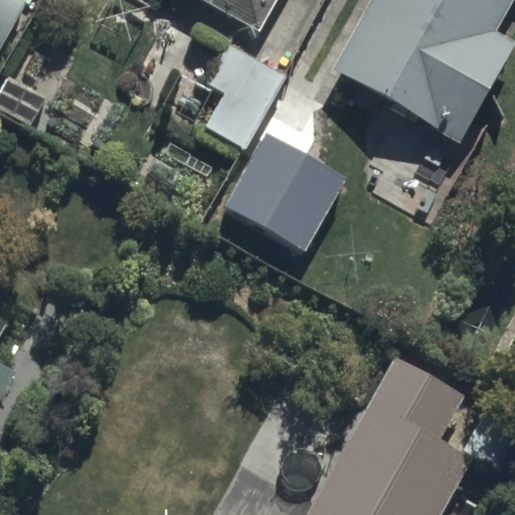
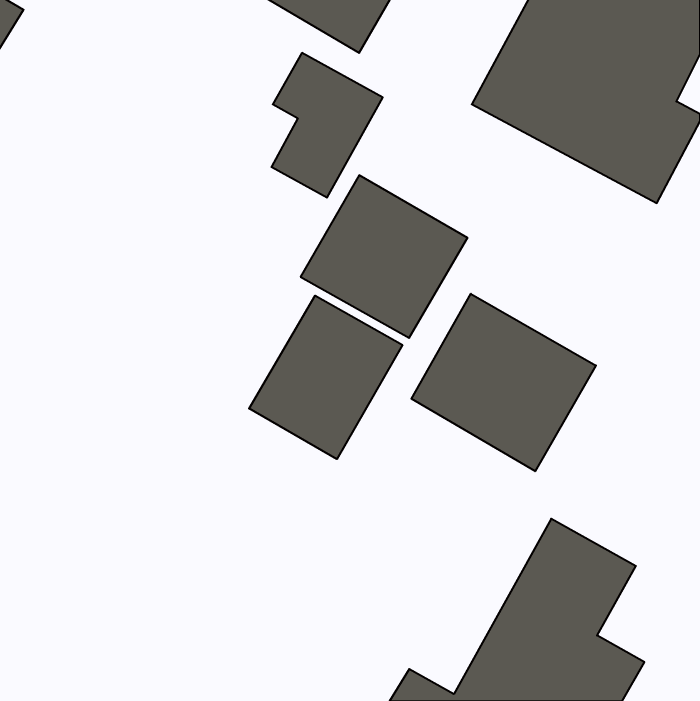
building: none -> [411,294,596,471]
building: none -> [249,296,402,459]

